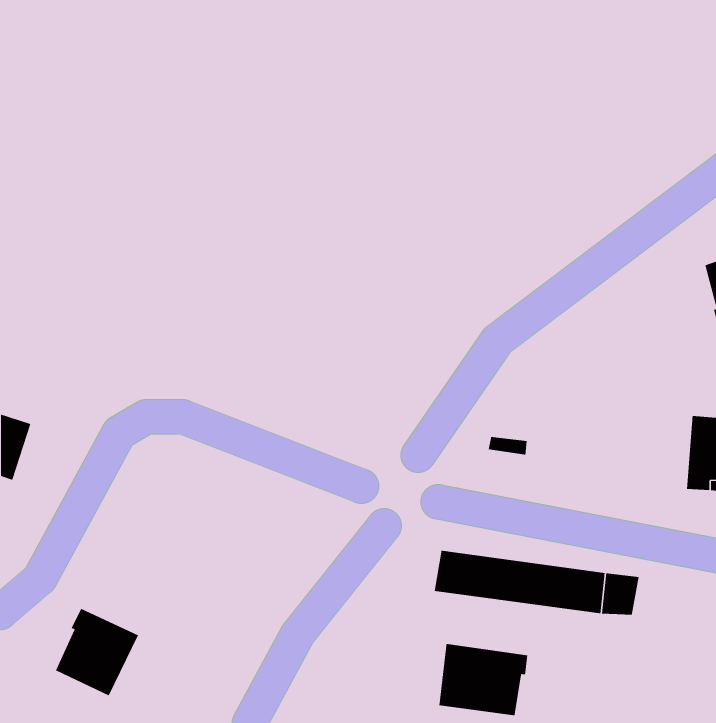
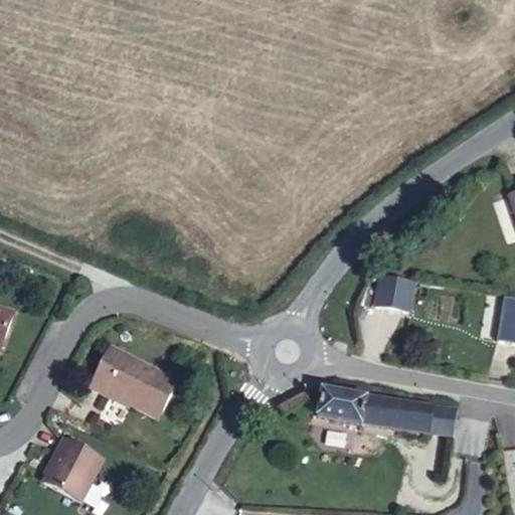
building: none -> [376,274,421,312]
building: none -> [88,345,179,418]
building: [439,643,528,716] -> none

